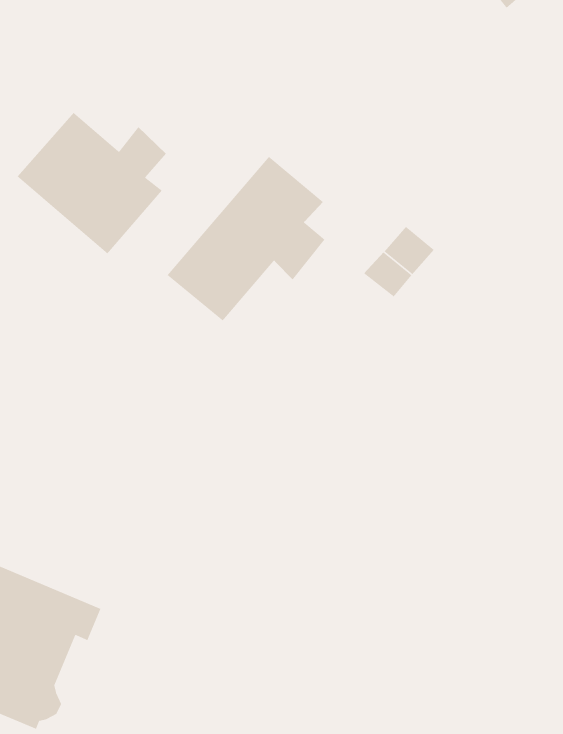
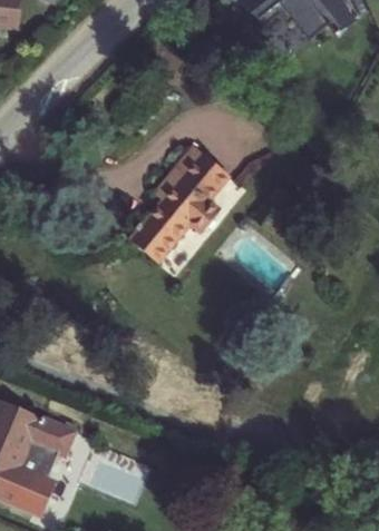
building: [16,112,167,255] -> none

